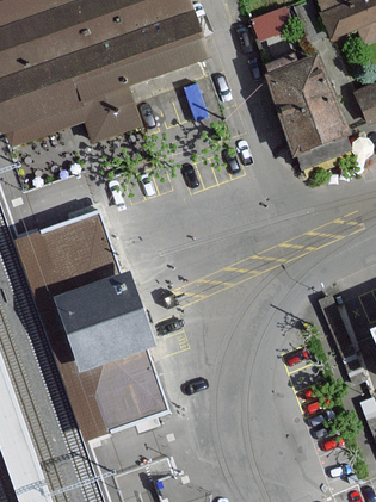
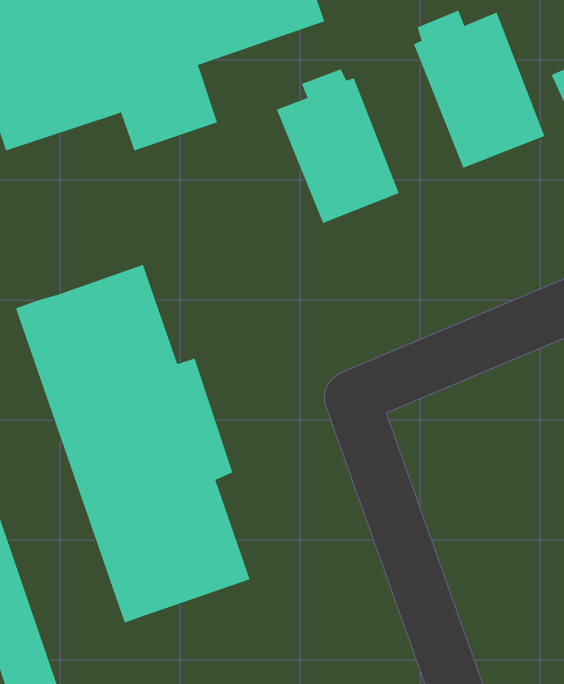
building: none -> [276,68,400,224]

